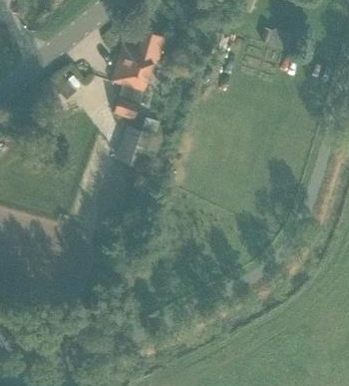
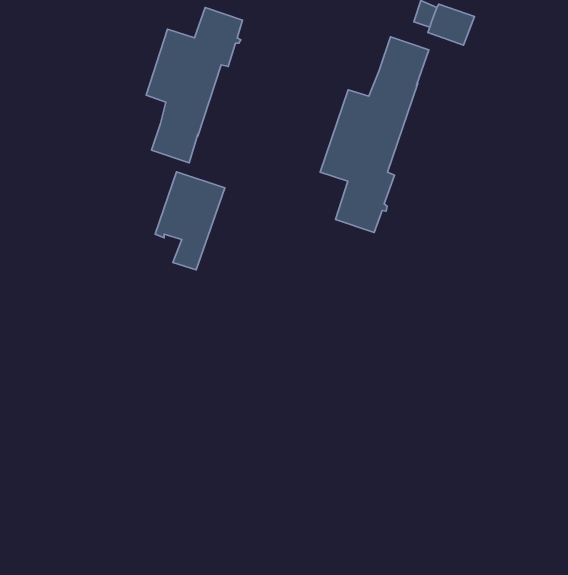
building: none -> [320,37,429,232]

